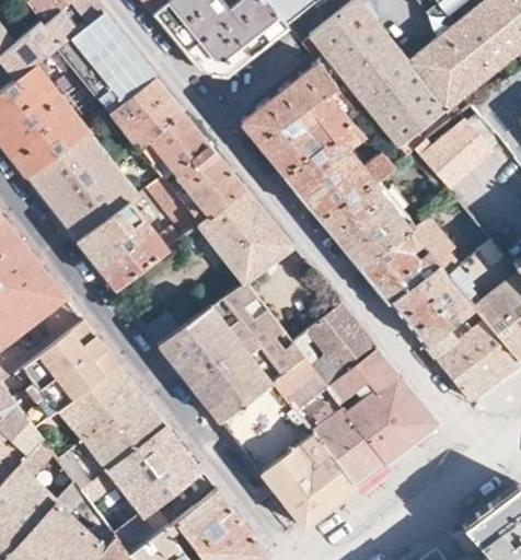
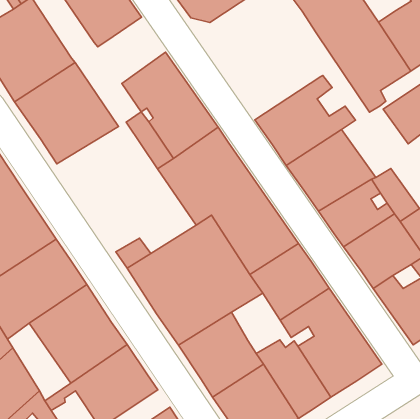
building: [240,62,350,176] -> none
building: [109,77,183,149] -> none
building: [77,195,178,291] -> none
building: [275,360,326,411] -> none

